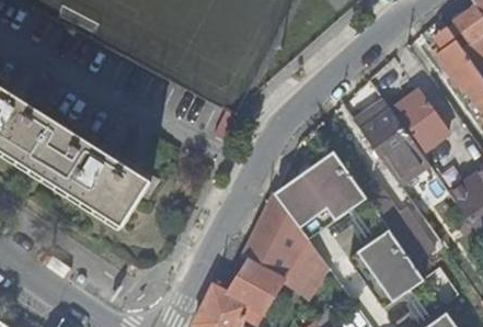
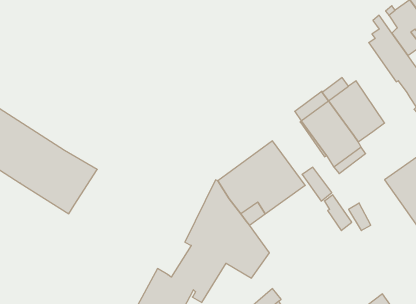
building: [348,229,424,308] -> none

